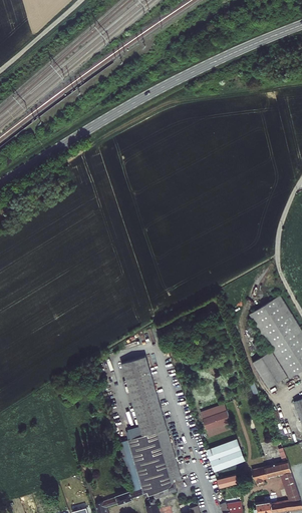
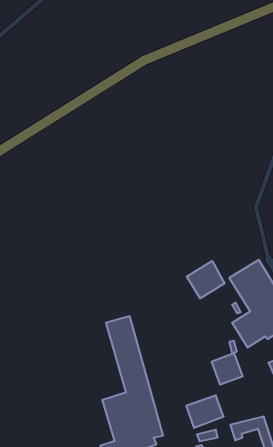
building: none -> [187,261,225,298]
building: [199,404,232,437] -> [211,353,243,385]

